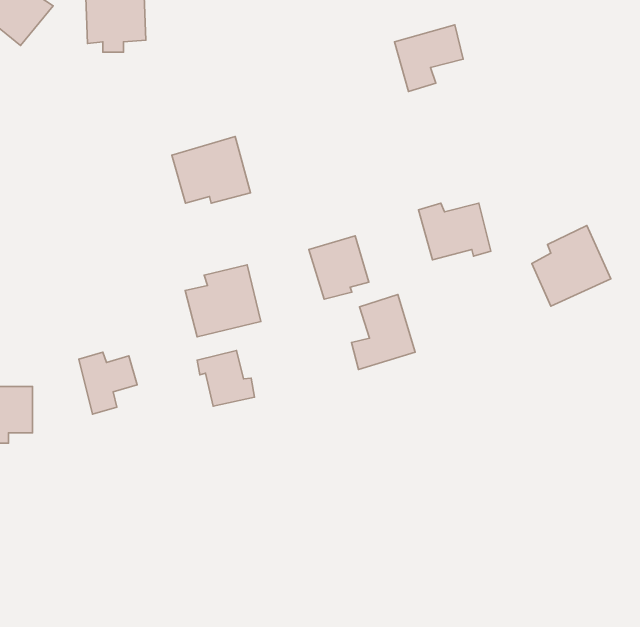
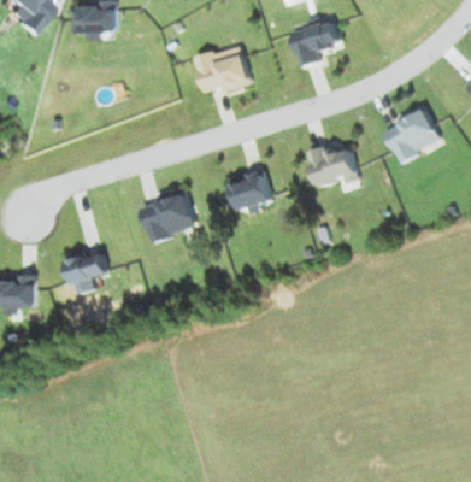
building: [172,136,251,203] -> [195,45,251,92]
building: [532,226,611,306] -> [384,104,440,160]
building: [351,294,415,370] -> none
building: [197,351,255,406] -> none

